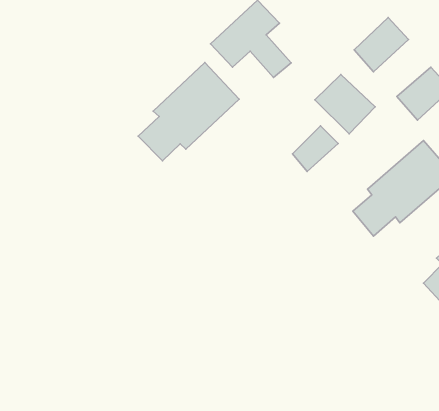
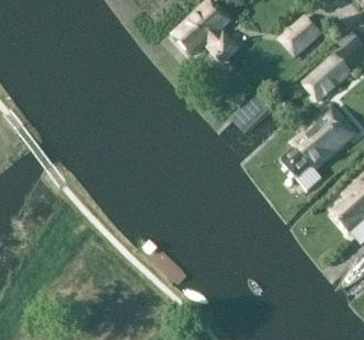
building: [138,63,239,161] -> none
building: [315,74,375,134] -> none

